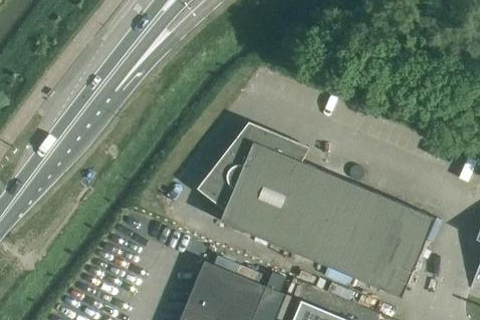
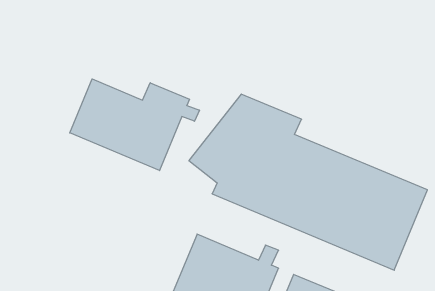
building: none -> [70,79,199,171]

